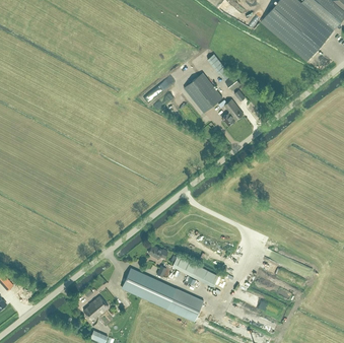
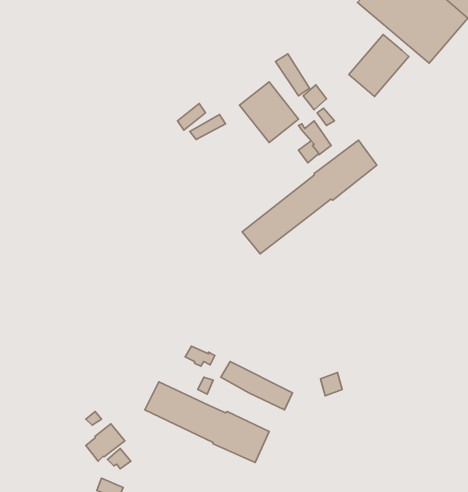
building: none -> [349,34,409,96]
building: none -> [242,140,377,254]

